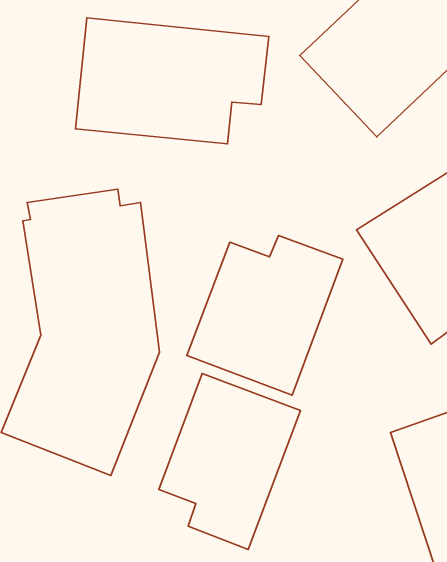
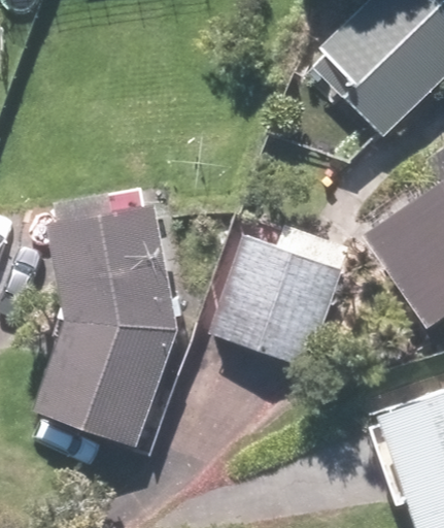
building: [75,18,269,144] -> none
building: [159,373,301,549] -> none

